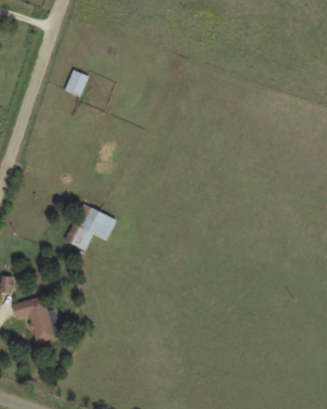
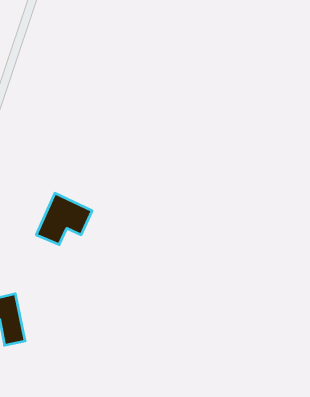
building: [63,69,87,97] -> none

